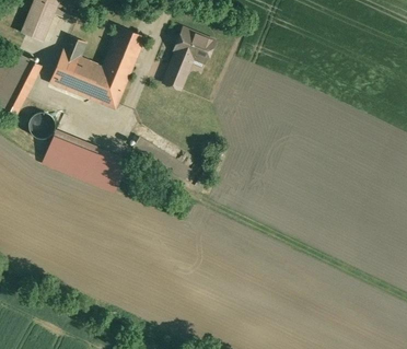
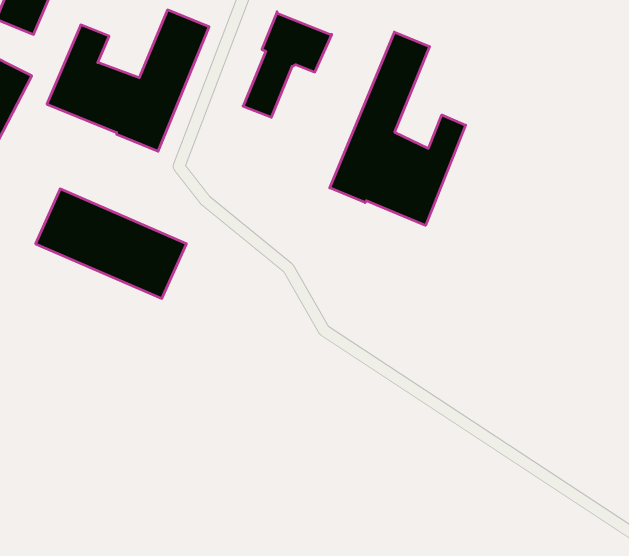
building: none -> [330,32,466,225]
building: [27,113,55,139] -> none

